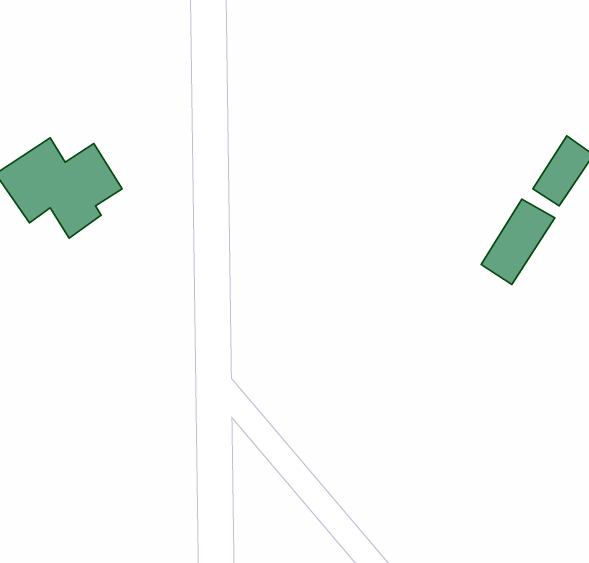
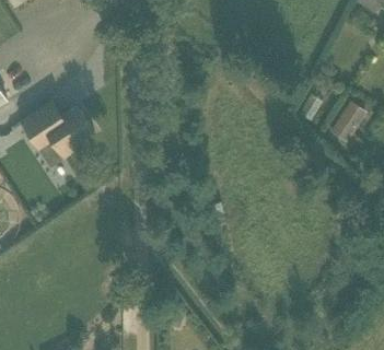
building: [481,199,555,284] -> none

